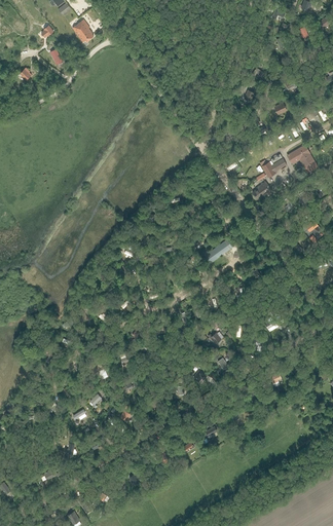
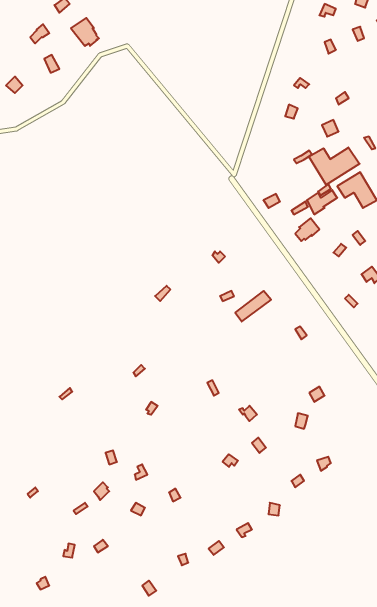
building: none -> [309,147,360,185]

